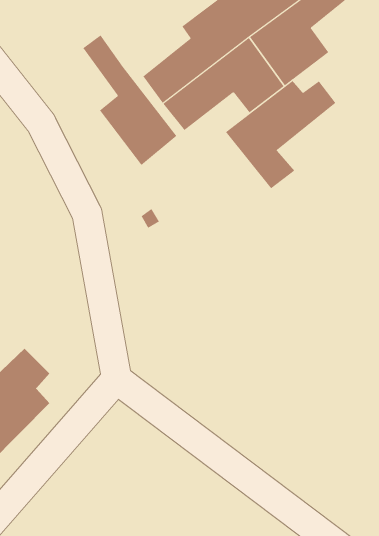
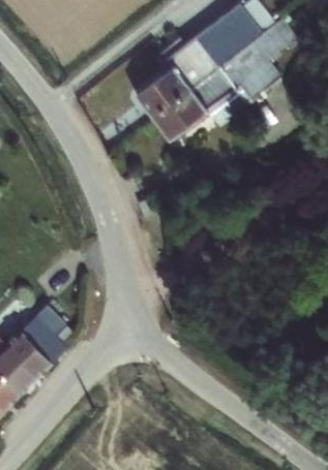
building: [83,35,177,166] -> none
building: [225,80,336,189] -> none

